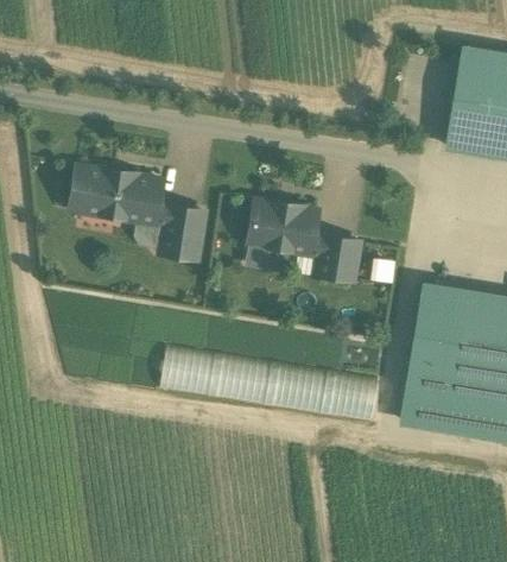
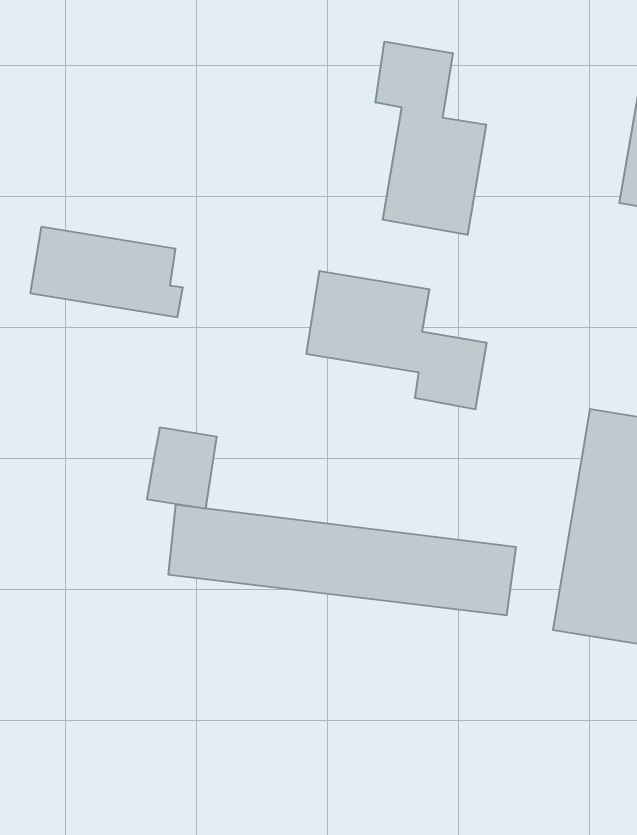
building: none -> [375,42,486,235]
building: [158,204,203,257] -> [147,428,217,508]

